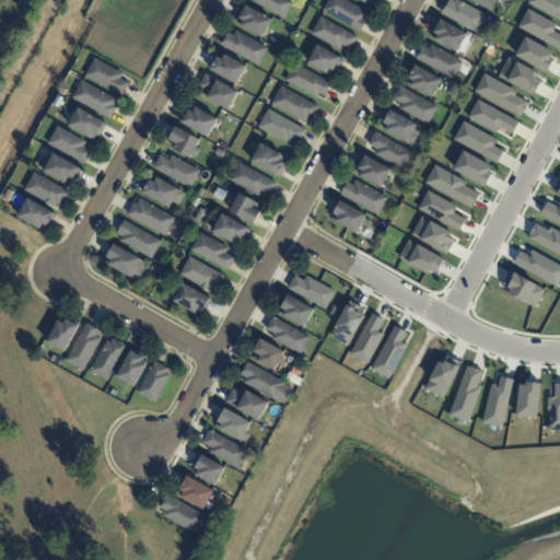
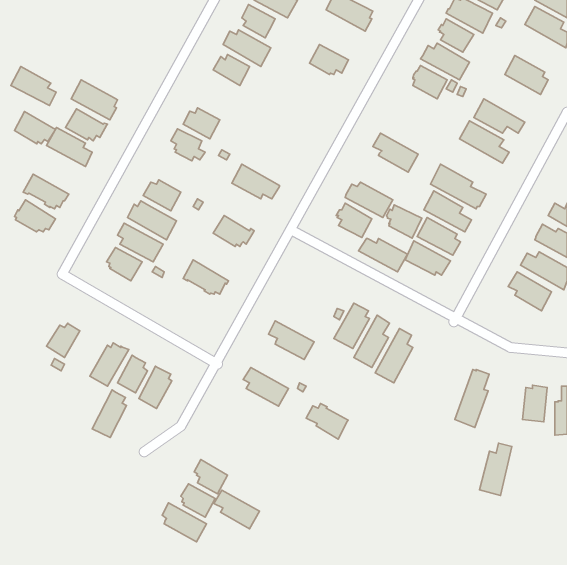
building: [310,15,358,49] -> none
building: [515,35,552,70] -> none
building: [83,57,128,95] -> [11,67,56,105]
building: [284,62,330,97] -> none
building: [474,71,528,114] -> none
building: [199,73,238,110] -> none
building: [270,85,318,122] -> none
building: [393,85,438,124] -> none
building: [257,108,305,142] -> none
building: [383,109,418,144] -> none
building: [248,143,287,176] -> none
building: [453,149,491,184] -> none
building: [40,152,81,184] -> [15,112,56,144]
building: [152,154,199,188] -> none
building: [358,156,393,189] -> [386,205,422,238]
building: [226,192,258,224] -> none
building: [189,232,234,270] -> none
building: [287,276,335,308] -> [359,239,407,272]
building: [172,282,212,314] -> none
building: [279,294,314,328] -> none
building: [66,323,100,370] -> [92,390,127,438]
building: [253,339,287,371] -> none
building: [424,353,460,396] -> none
building: [481,374,513,425] -> [480,443,512,495]
building: [226,386,268,421] -> [306,404,348,439]
building: [217,408,252,443] -> none
building: [201,430,246,468] -> [214,490,259,529]

